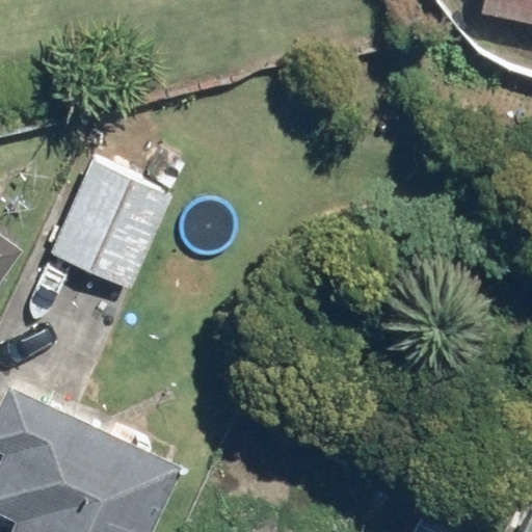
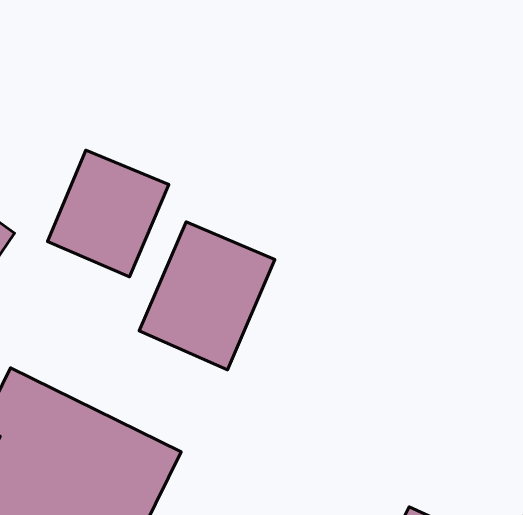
building: none -> [139,222,275,370]

